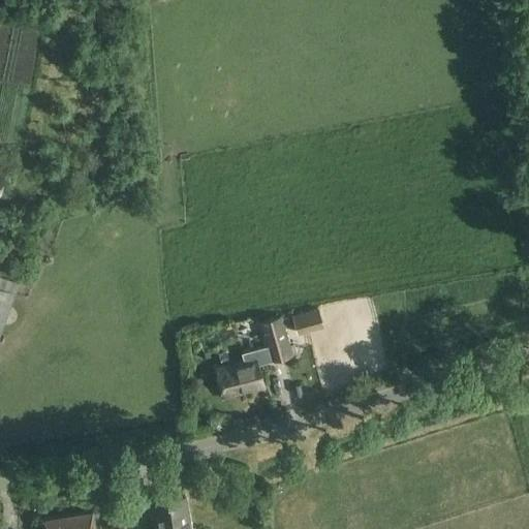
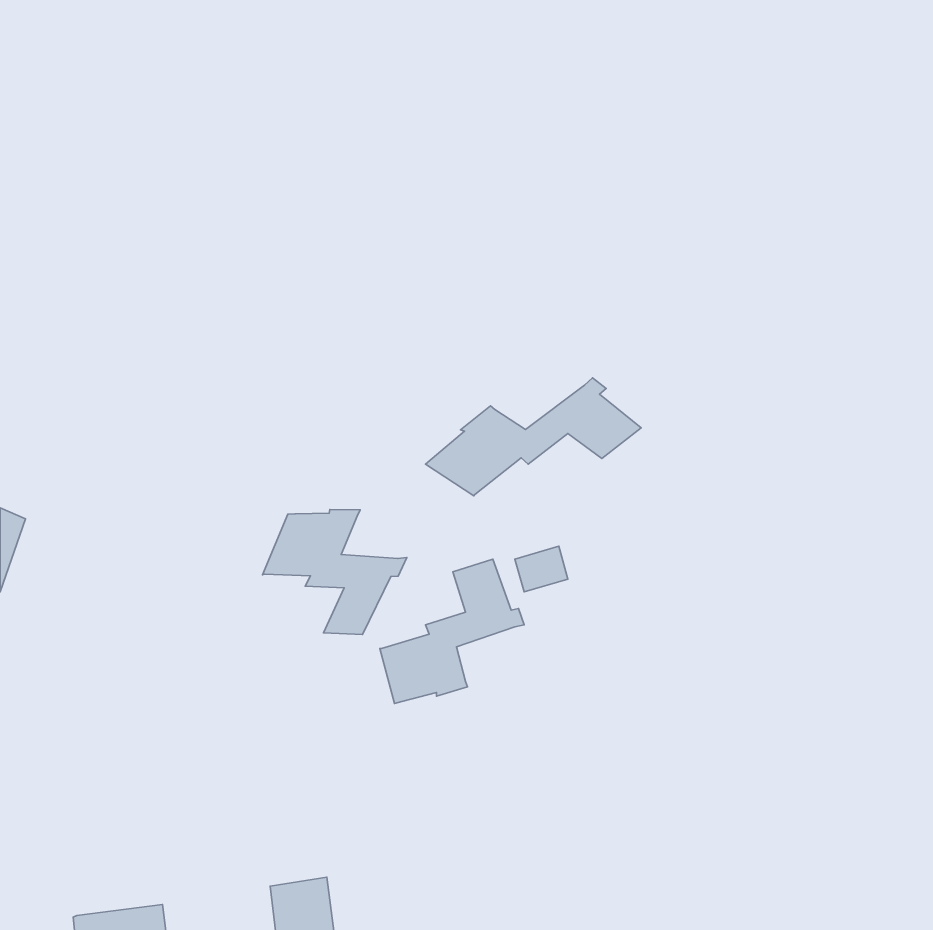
building: none -> [426,378,641,496]
building: none -> [262,509,407,635]

